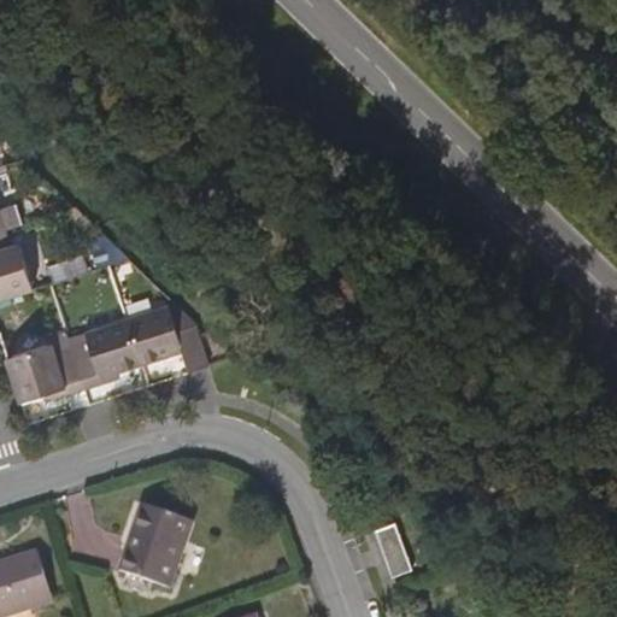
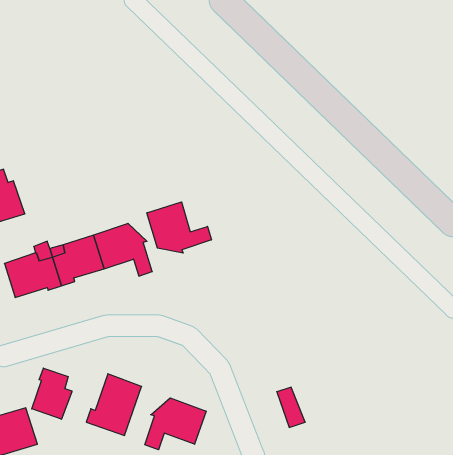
building: none -> [147,202,211,253]
building: none -> [32,368,72,419]
building: none -> [145,398,206,450]

